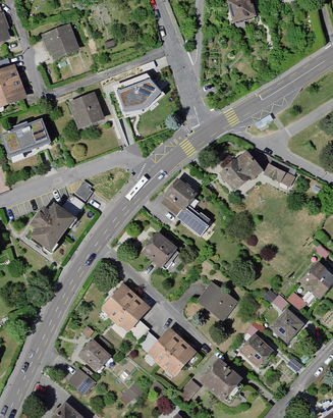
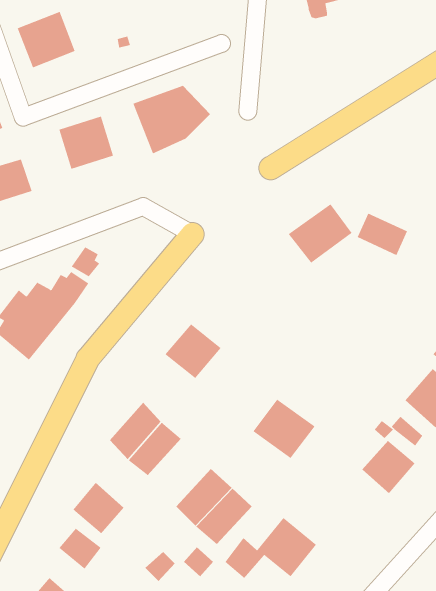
building: [162,176,211,236] -> none
building: [236,332,272,368] -> none

